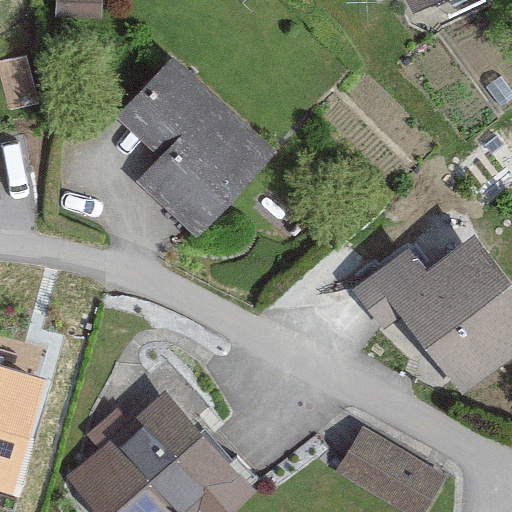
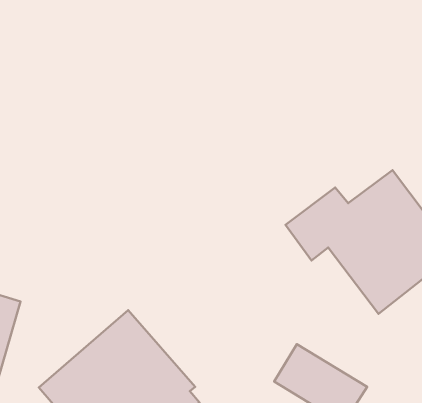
building: [112,55,274,239] -> none

